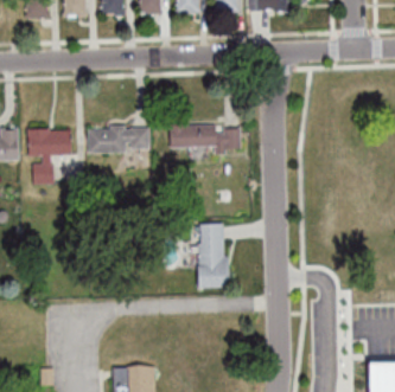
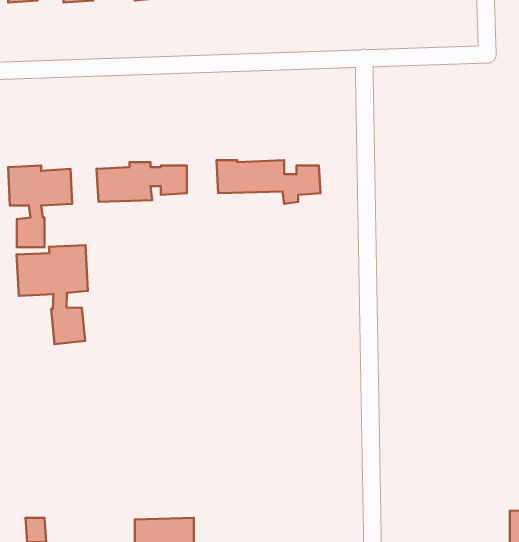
building: none -> [17,245,88,344]
building: [198,224,230,287] -> none

